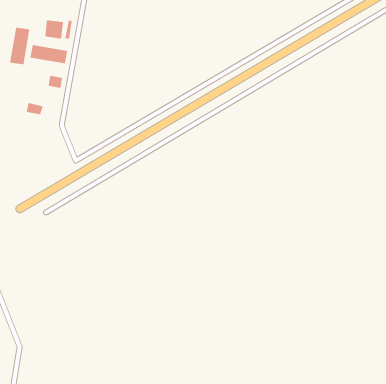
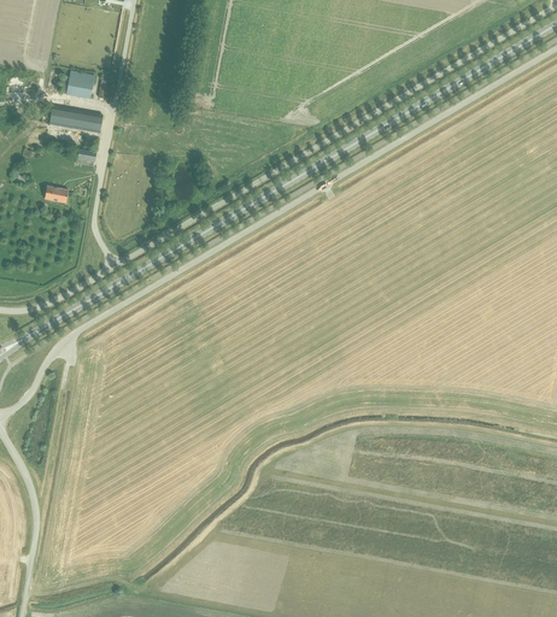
building: [10,27,30,65] -> none

